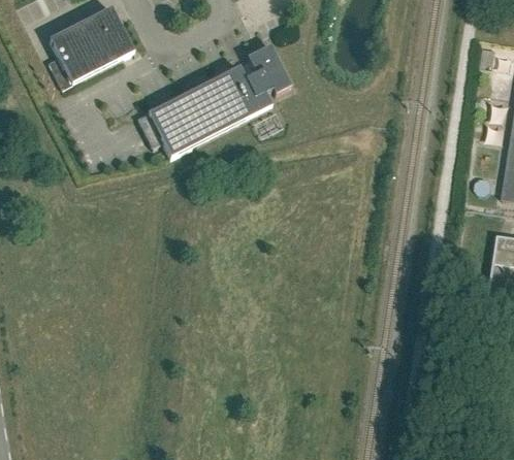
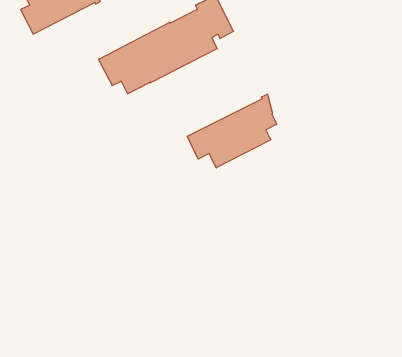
building: none -> [187,94,277,168]

